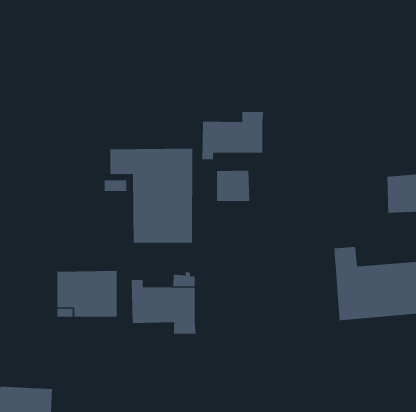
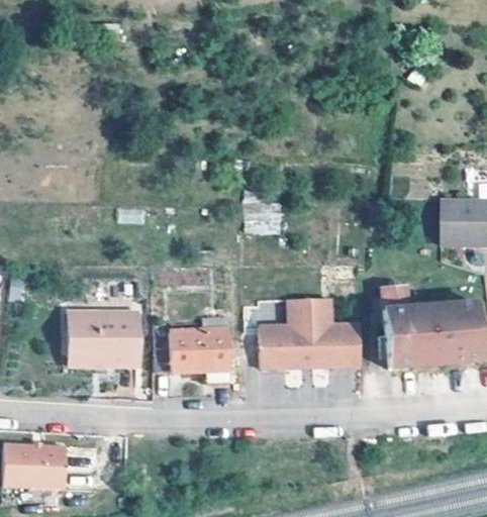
building: [202,111,264,160] -> none
building: [110,148,193,243] -> none
building: none -> [260,298,360,367]

